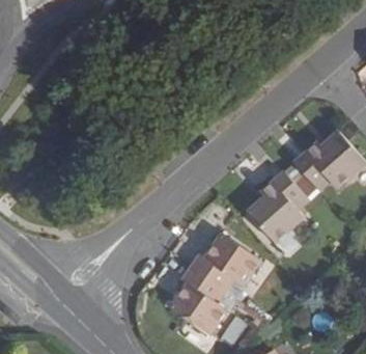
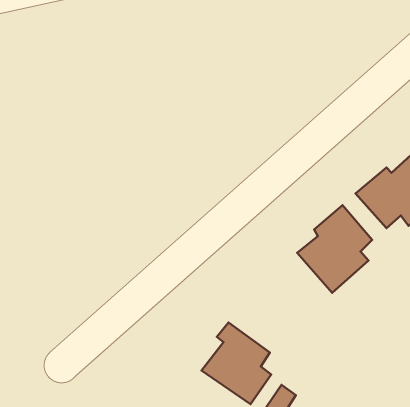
building: [192,232,261,290] -> none

